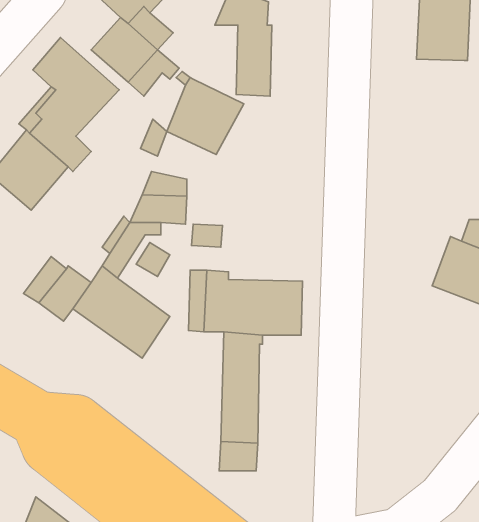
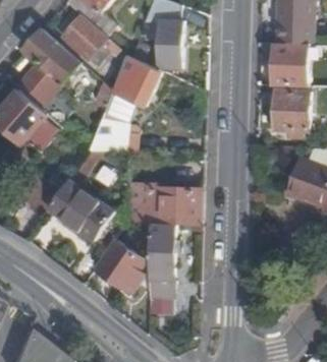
building: none -> [271,43,309,86]
building: none -> [274,90,309,130]
building: none -> [97,241,146,287]

